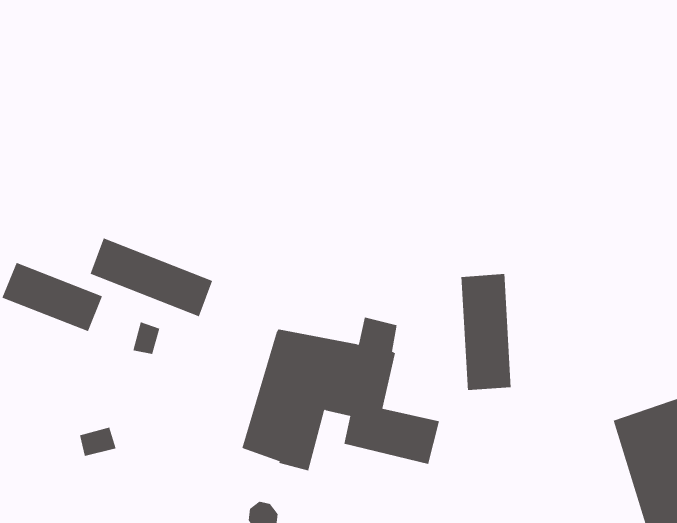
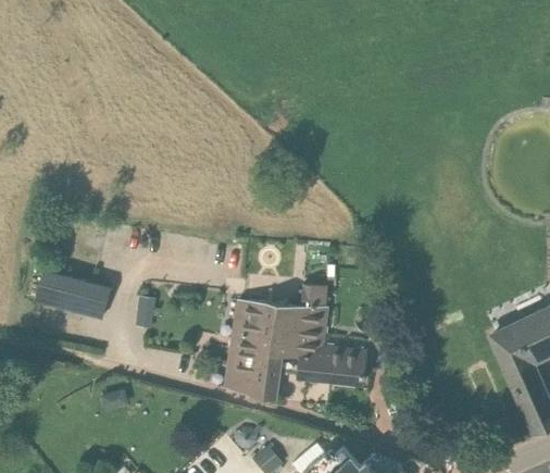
building: [90,238,213,317] -> none
building: [461,273,511,391] -> none

